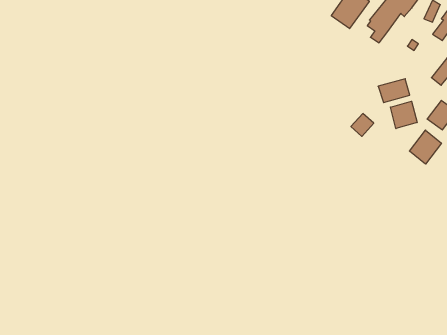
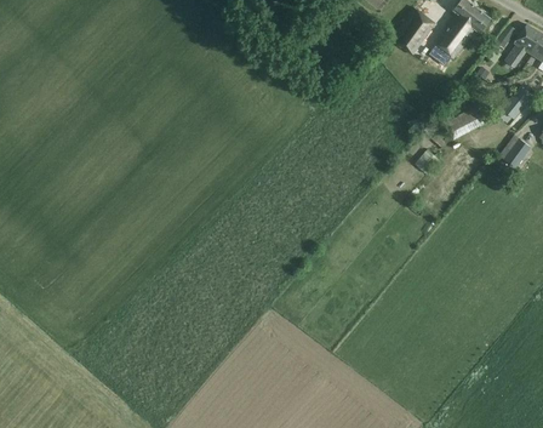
building: [390,101,417,129] -> none
building: [409,130,441,164] -> none

